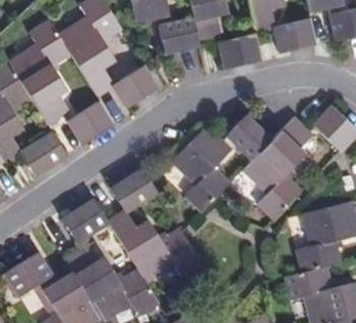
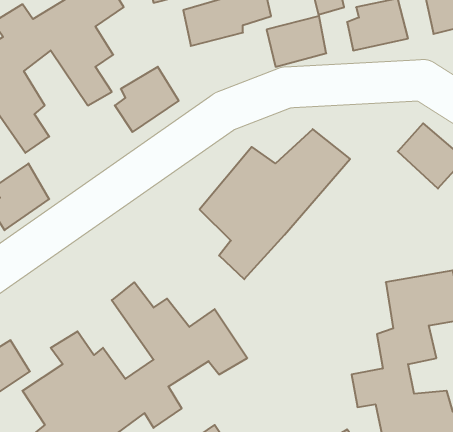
building: [69,102,114,145] -> none
building: [239,118,306,217] -> none
building: [111,171,157,210] -> none
building: [64,199,109,243] -> none

